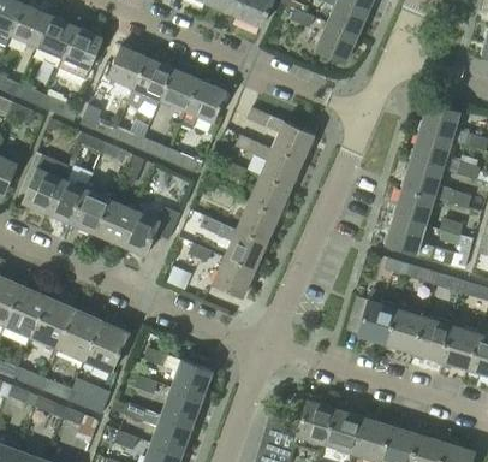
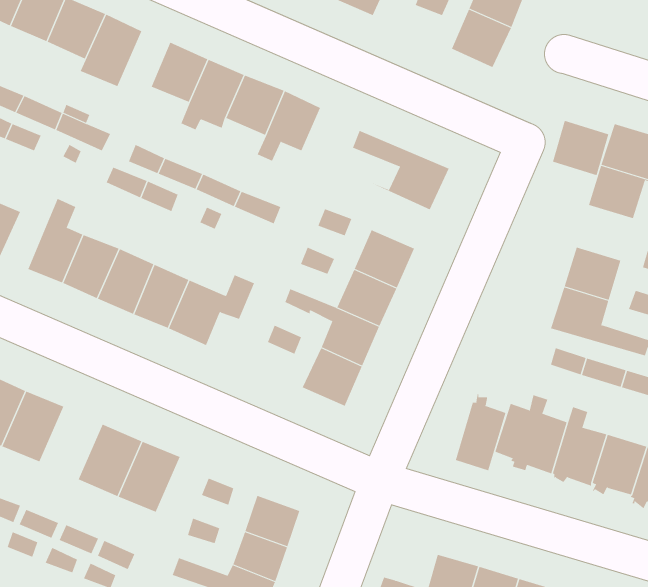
building: [236,135,302,189] -> none
building: [403,159,442,197] -> [552,120,609,176]
building: none -> [455,393,506,471]
building: [31,298,75,349] -> none

